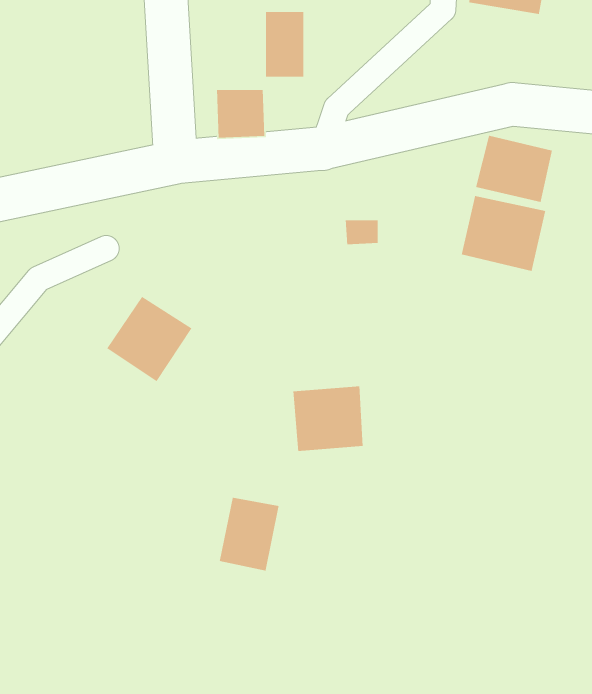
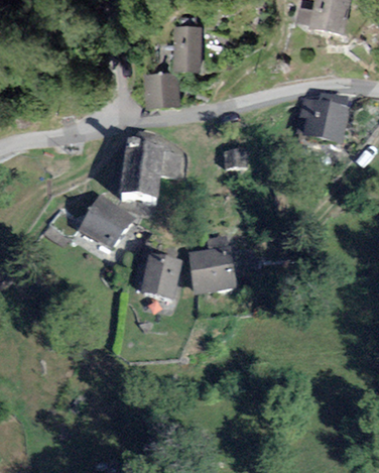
building: none -> [121,131,178,202]
building: [461,195,546,272] -> none
building: [219,497,280,572] -> [143,256,179,301]

